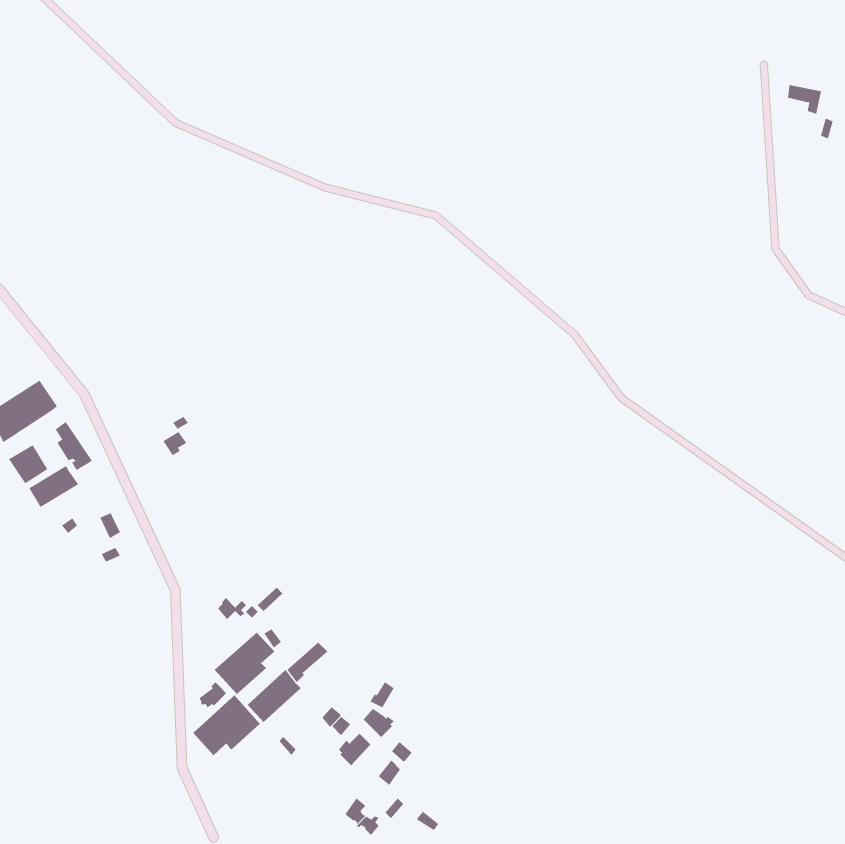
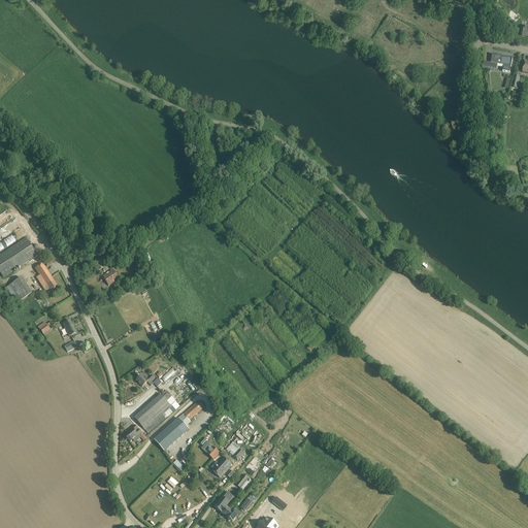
building: [29,465,79,508] -> none
building: [193,694,260,756] -> none

